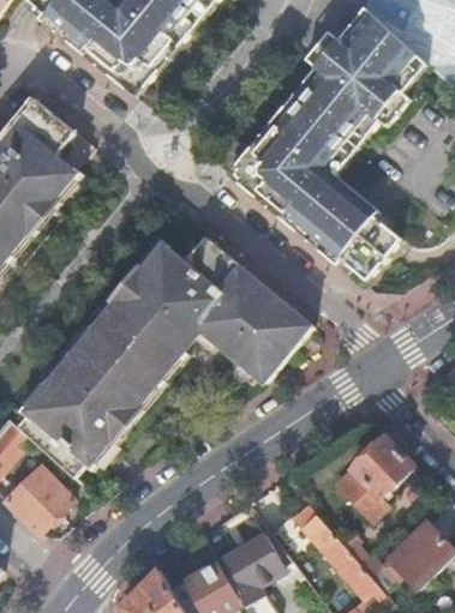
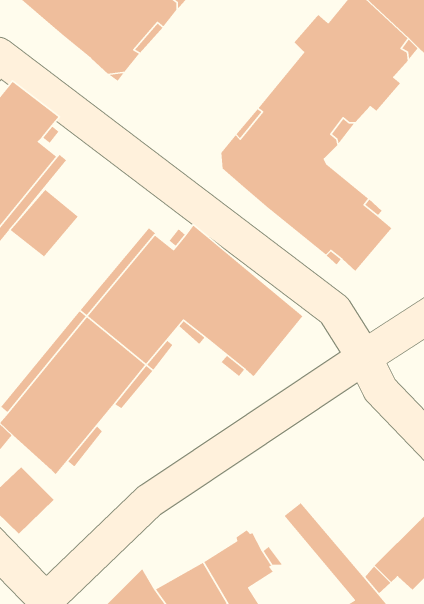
building: none -> [9,189,79,258]
building: [336,434,413,516] -> none

